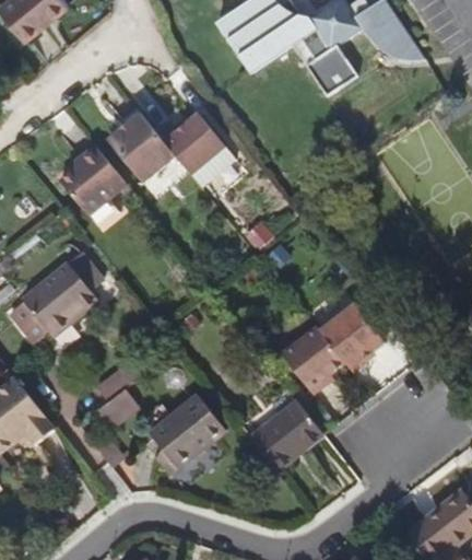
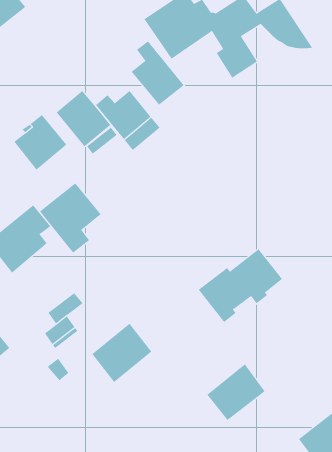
building: none -> [131,41,184,106]
building: none -> [39,183,102,253]
building: [251,400,323,470] -> [207,363,266,421]

